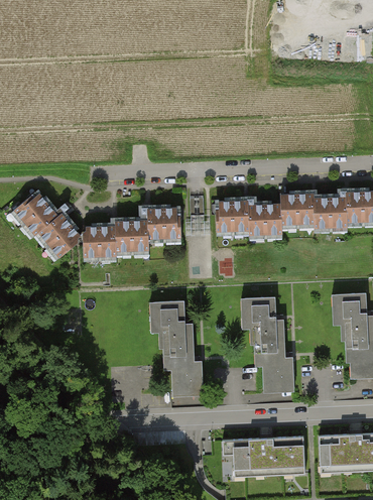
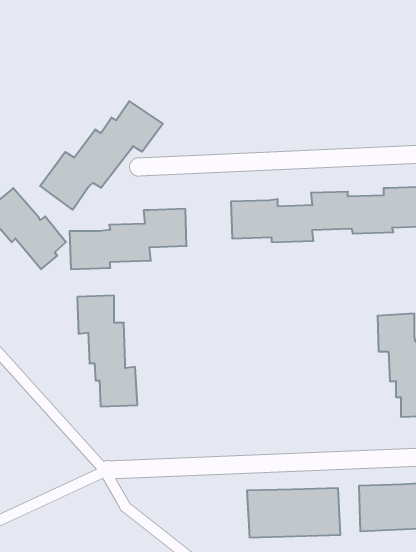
building: none -> [40,101,163,210]
building: [244,297,293,388] -> none
building: [153,301,203,392] -> [77,296,137,406]

